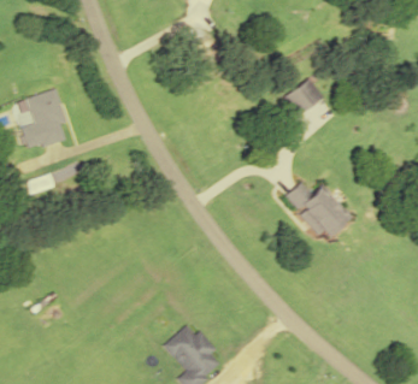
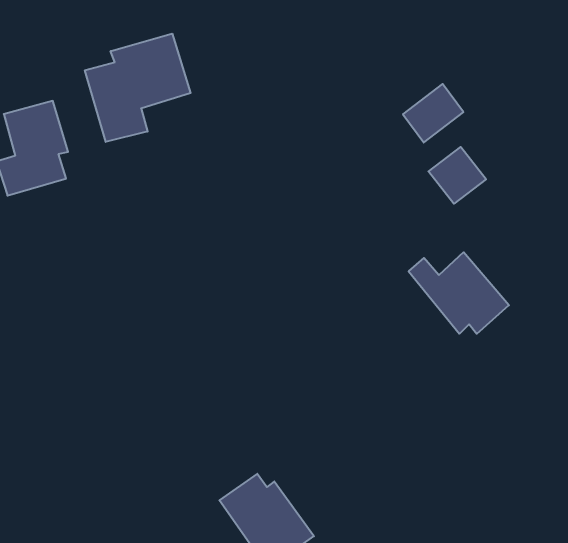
building: none -> [85,34,191,142]
building: none -> [428,147,486,204]

